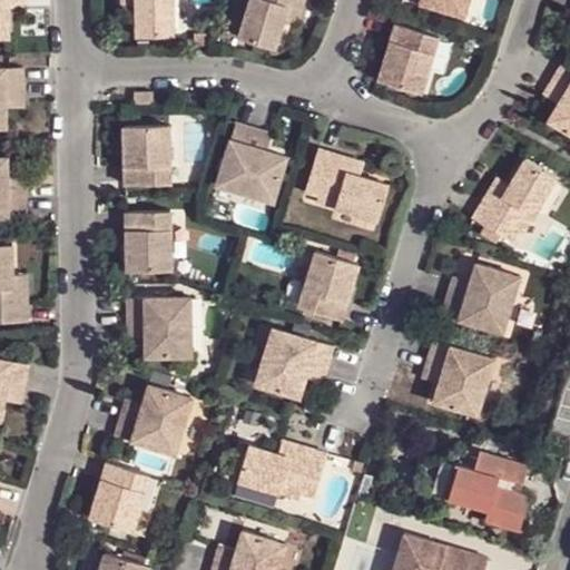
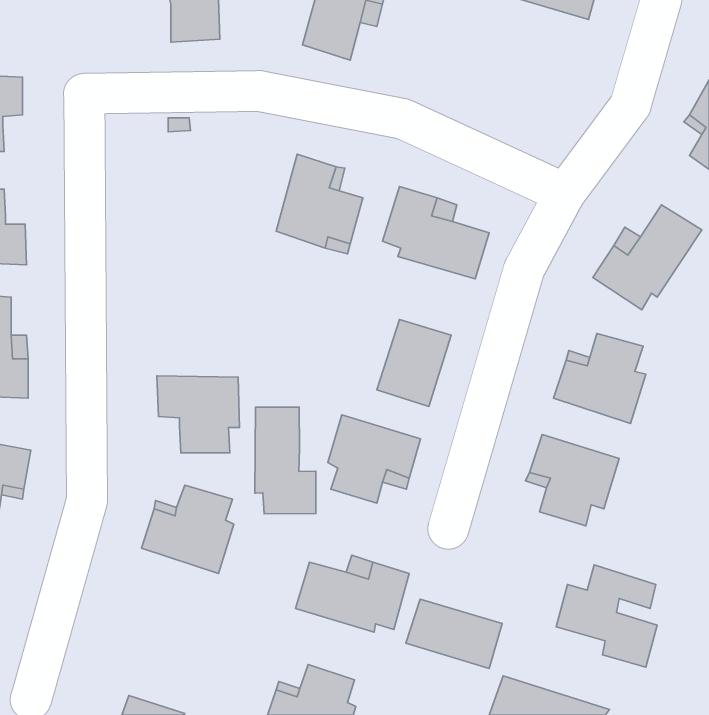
building: [381,23,441,95] -> none
building: [124,126,170,185] -> none
building: [125,212,173,273] -> none
building: none -> [255,407,316,514]
building: [89,463,146,532] -> none
building: none -> [406,599,502,669]

